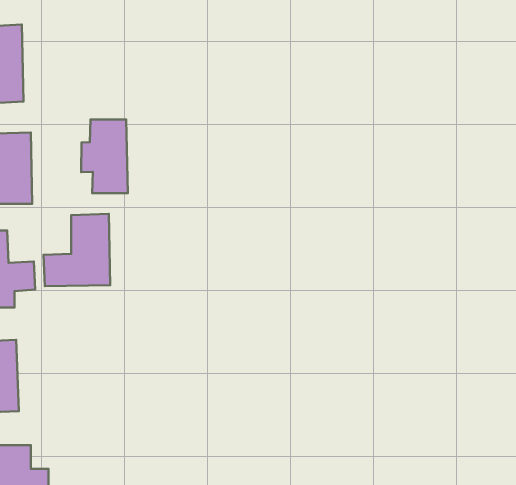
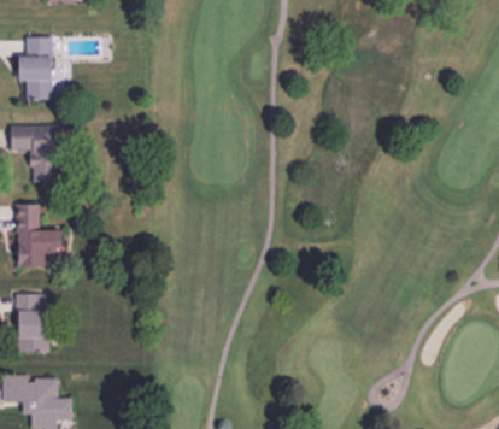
building: [81,119,128,193] -> none
building: [43,214,110,286] -> none

